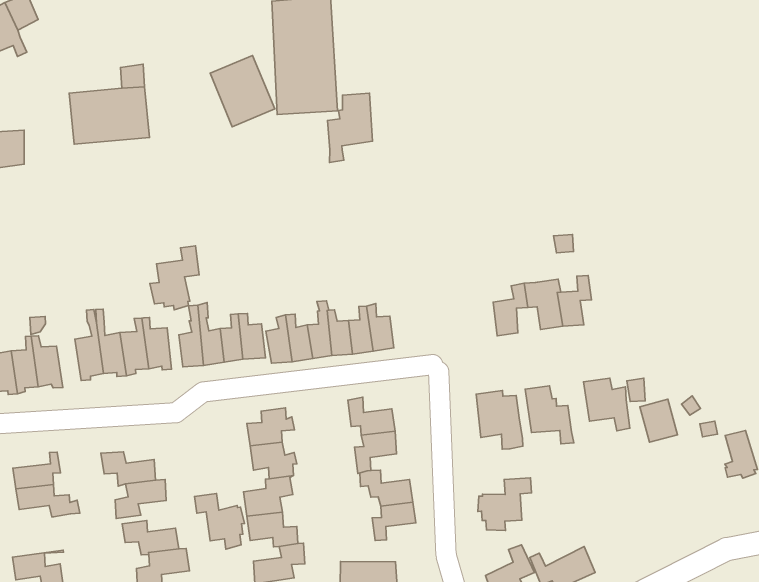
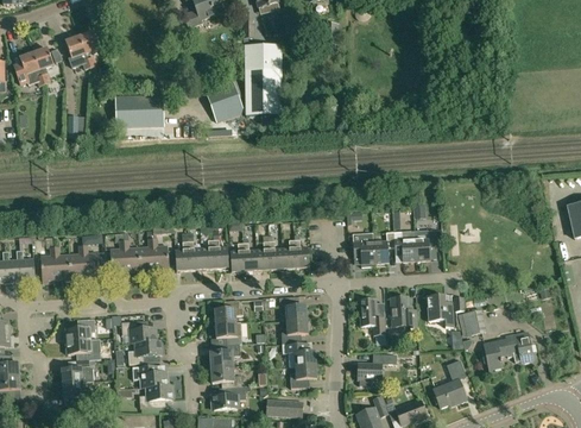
building: [327,93,372,162] -> none
building: [150,246,199,310] -> none
building: none -> [352,232,374,266]
building: none -> [482,334,517,373]
building: none -> [432,359,467,407]
building: [195,493,245,549] -> none
building: none -> [62,359,94,383]

